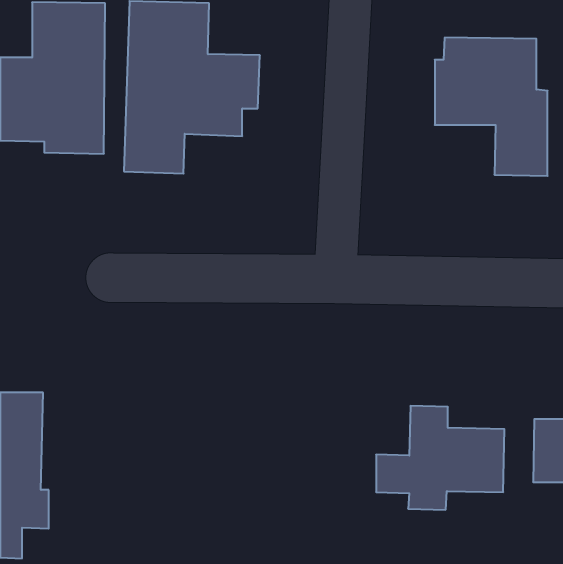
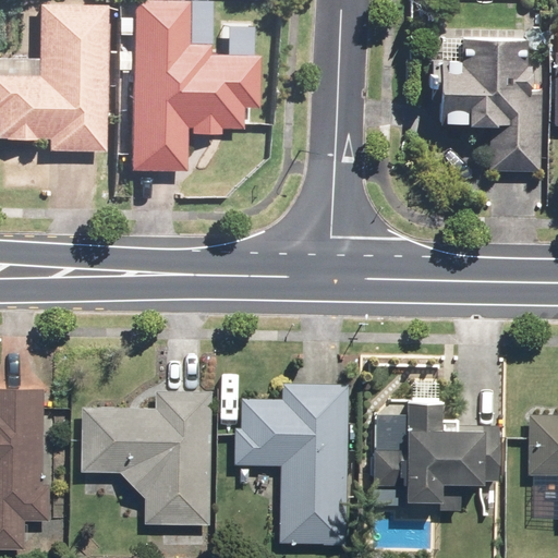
building: none -> [233,383,350,545]
building: none -> [80,390,213,526]

